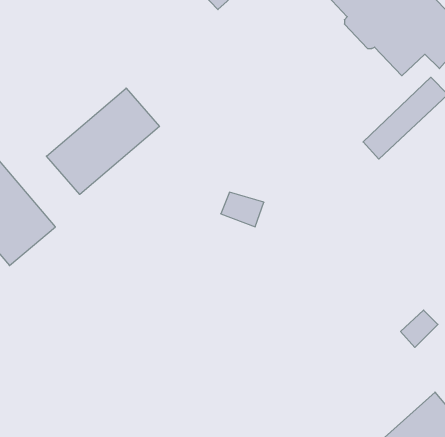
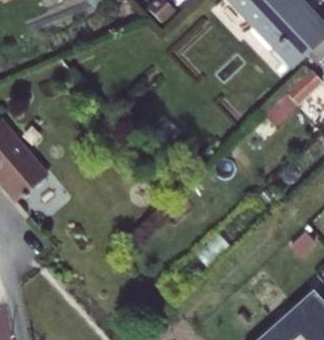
building: [46,88,159,194] -> none

